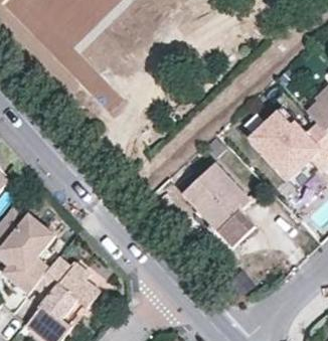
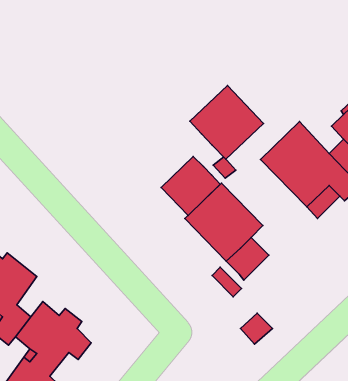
building: none -> [190,86,264,159]
building: none -> [161,156,220,215]

